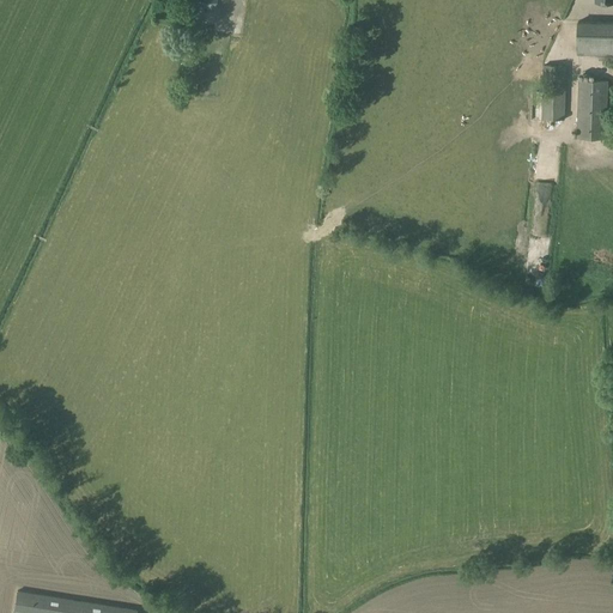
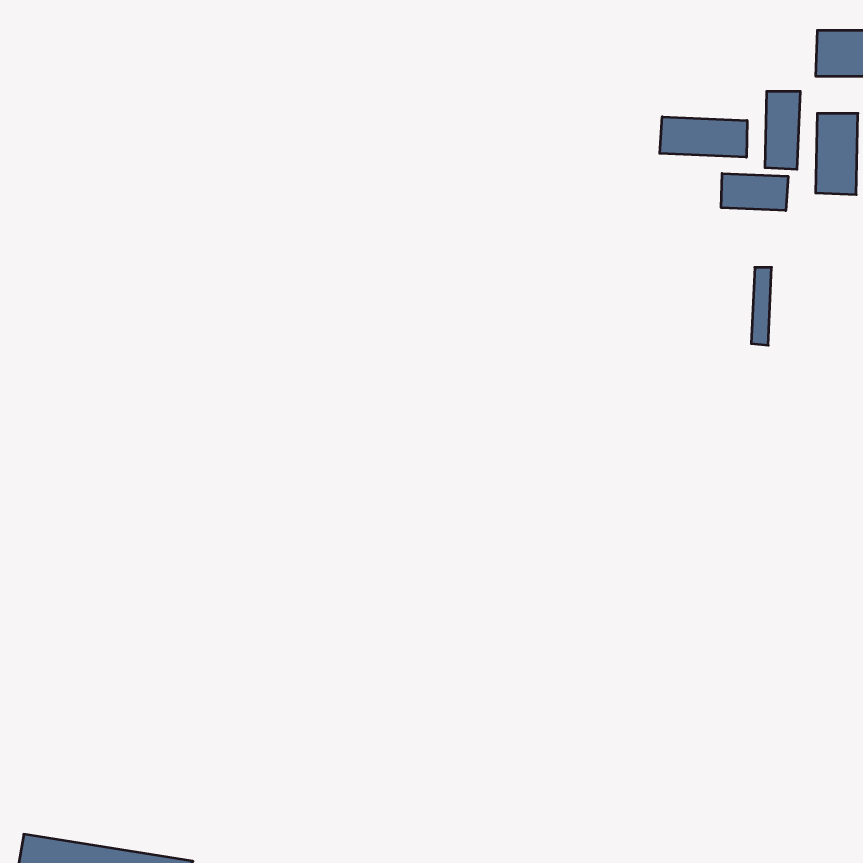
building: none -> [660,117,747,157]
building: none -> [721,173,788,211]

